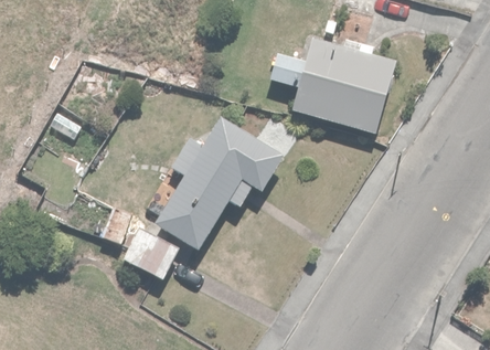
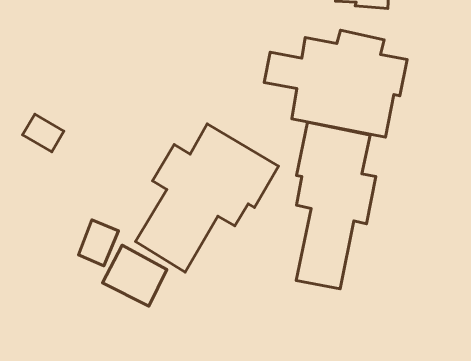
building: none -> [296,122,376,289]

